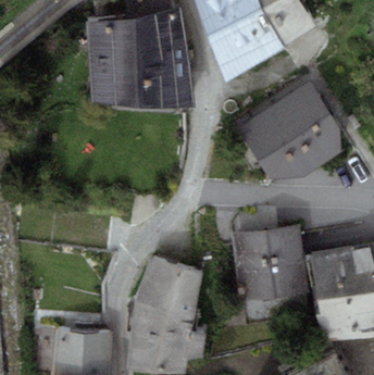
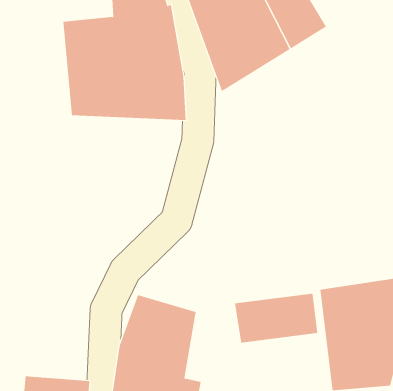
building: [238,80,340,177] -> none
building: [232,224,303,265] -> none

